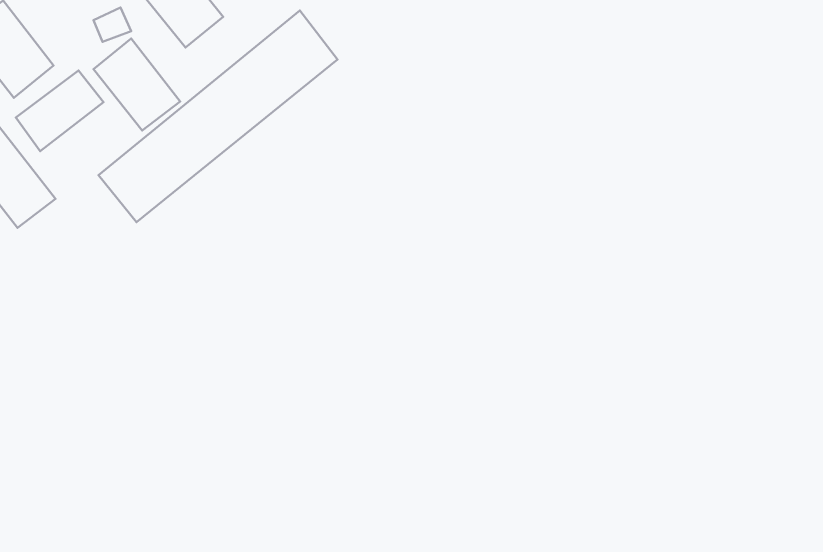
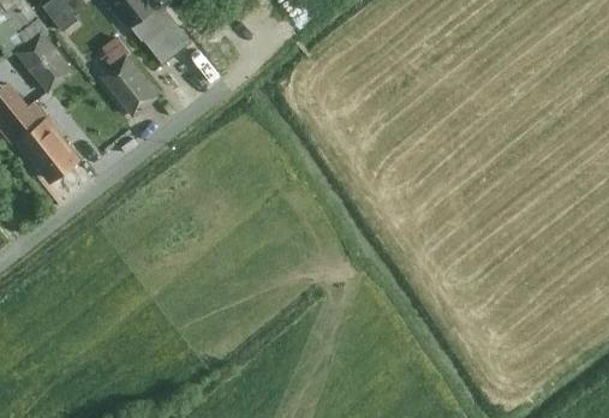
building: [98,11,337,222] -> none
building: [16,70,103,151] -> none

